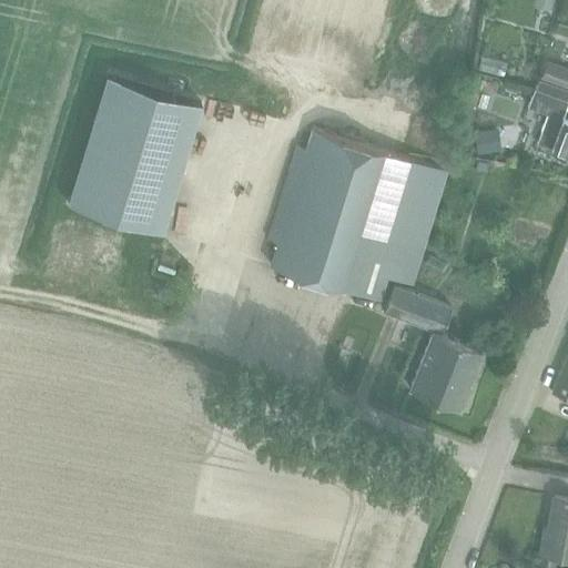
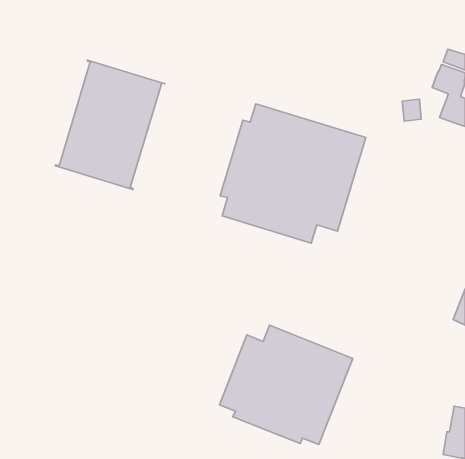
building: [382,290,483,414] -> none
building: none -> [219,325,353,445]

